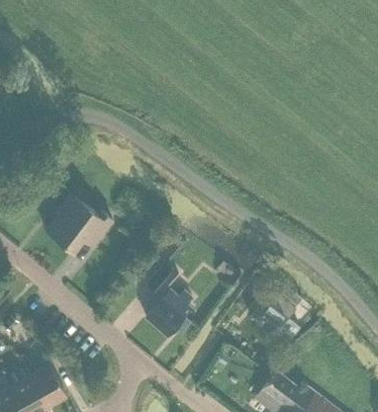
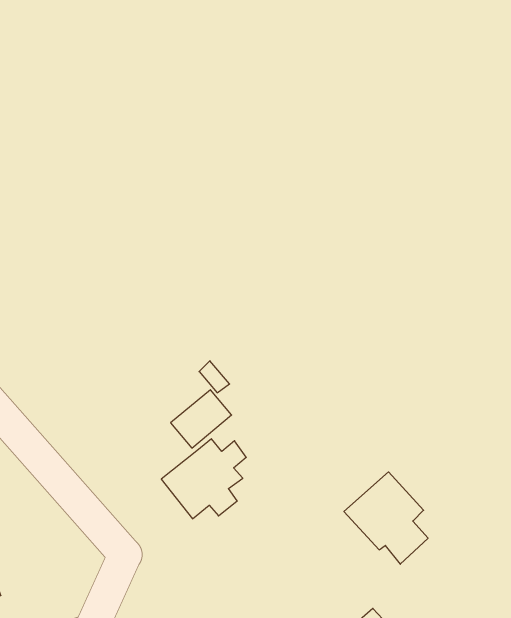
building: [46,195,112,252] -> none

